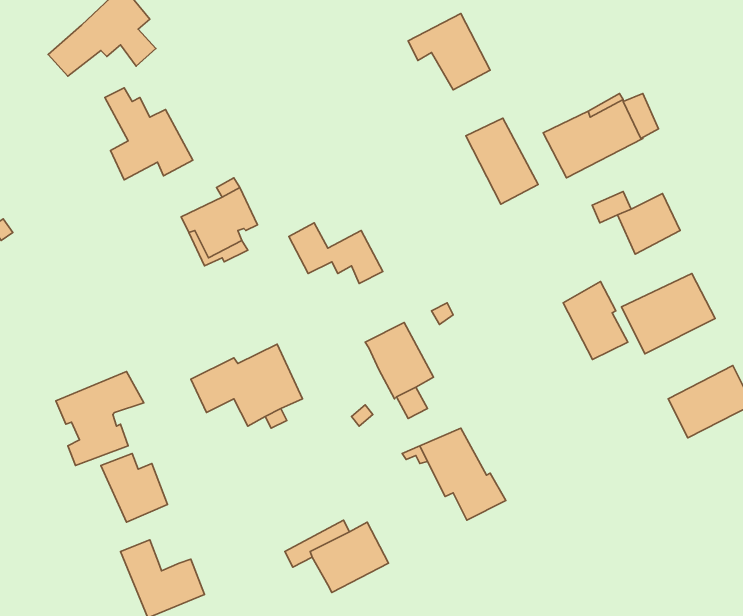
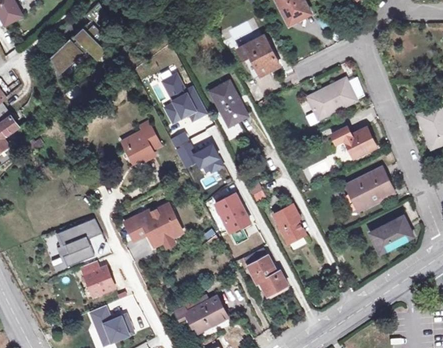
building: [105,88,193,180] -> [162,76,207,123]
building: [466,118,538,204] -> [210,82,247,126]
building: [563,281,628,360] -> [273,204,306,244]

